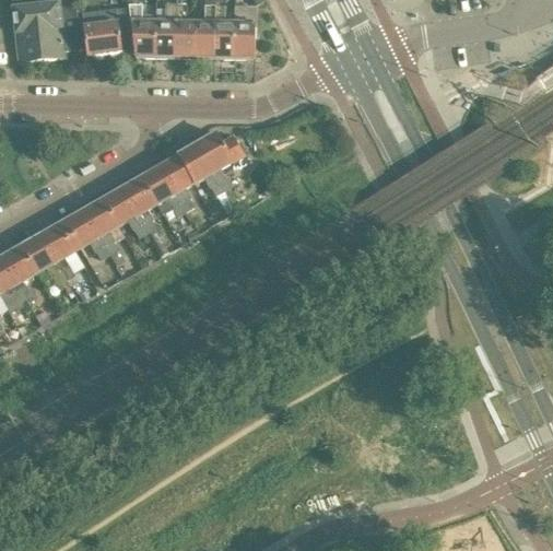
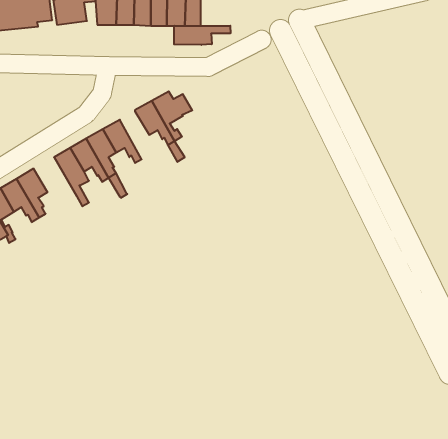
building: none -> [174,26,230,45]
building: [158,154,192,210] -> none
building: [58,208,108,257] -> none

